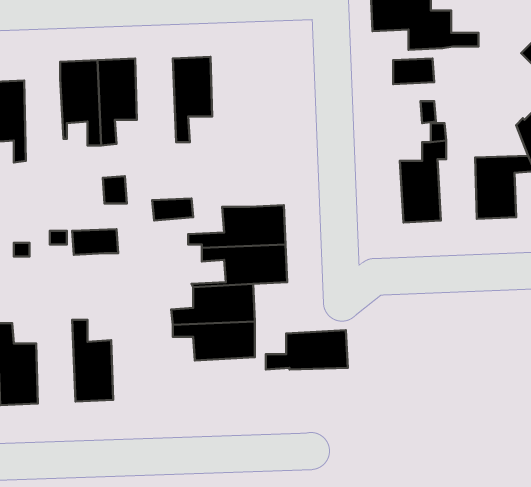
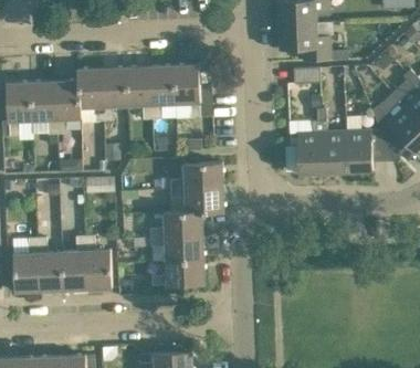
building: none -> [175,64,200,117]
building: none -> [126,66,153,120]
building: none -> [54,80,80,133]
building: none -> [322,130,347,171]
building: none -> [62,235,87,290]
building: [266,330,348,369] -> [151,260,204,285]

